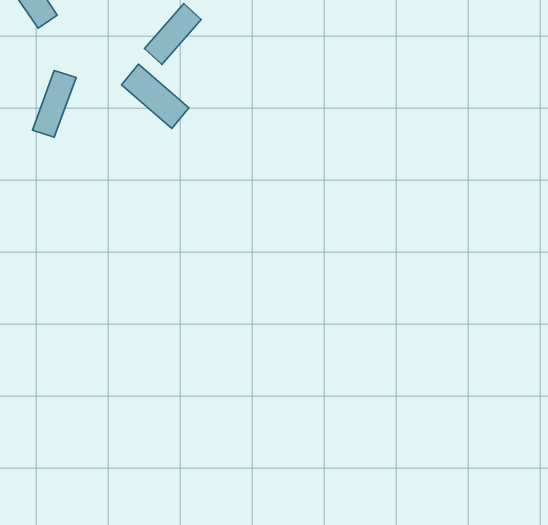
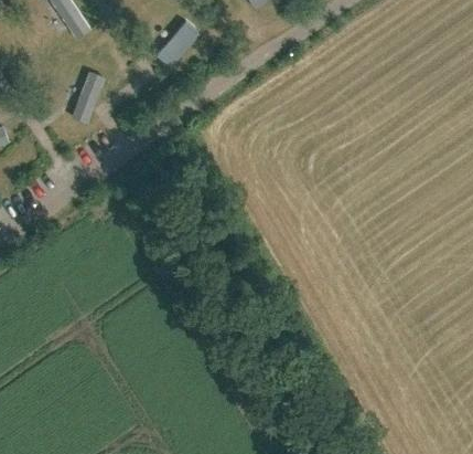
building: [122,64,189,128] -> none

